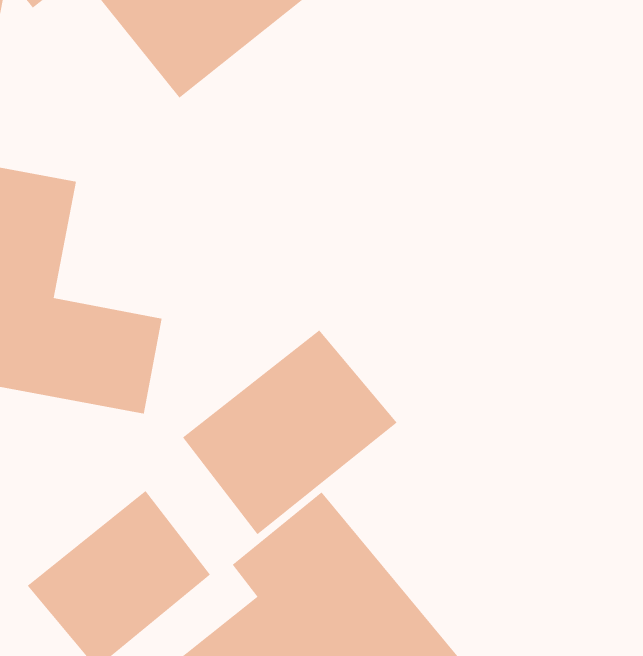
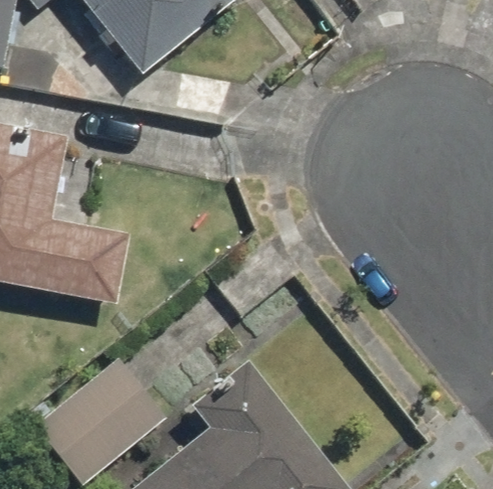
building: [182,329,397,535] -> none

